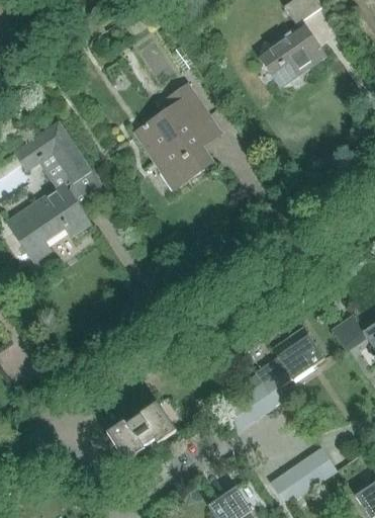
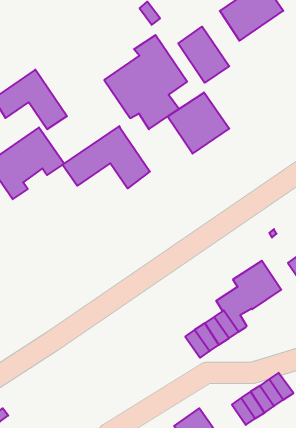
building: none -> [178,27,229,83]
building: none -> [167,92,229,154]
building: none -> [62,126,150,188]
building: [107,403,177,462] -> none

